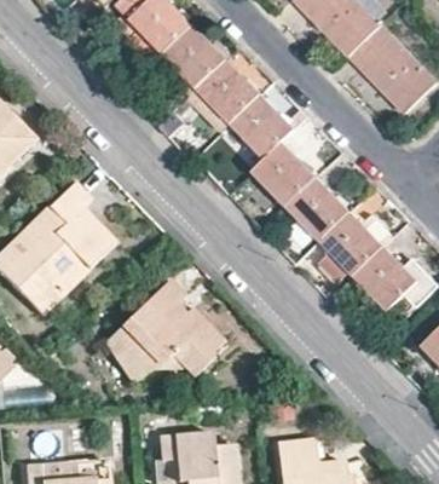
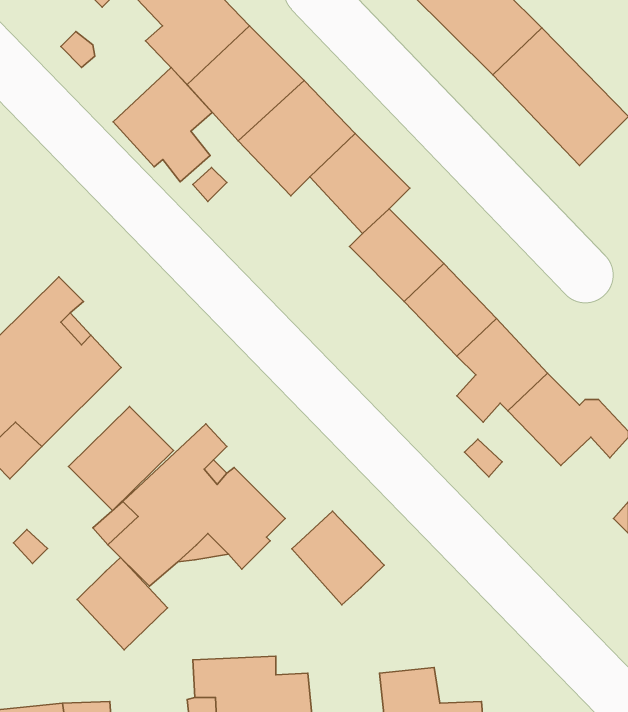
building: none -> [113,68,212,182]
building: none -> [68,406,173,511]
building: none -> [292,511,384,605]
building: none -> [77,557,167,650]

